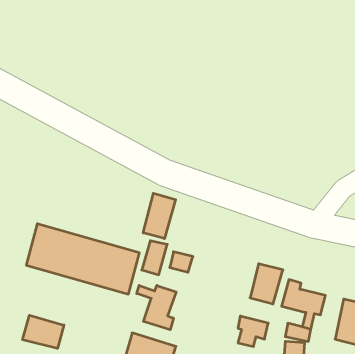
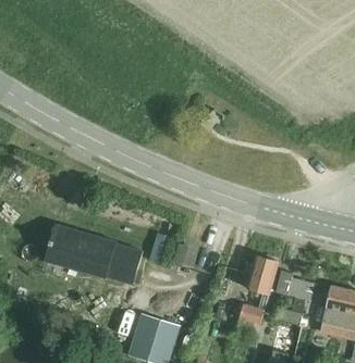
building: [143,193,176,239] -> none
building: [137,285,176,330] -> none
building: [23,315,64,348] -> none

